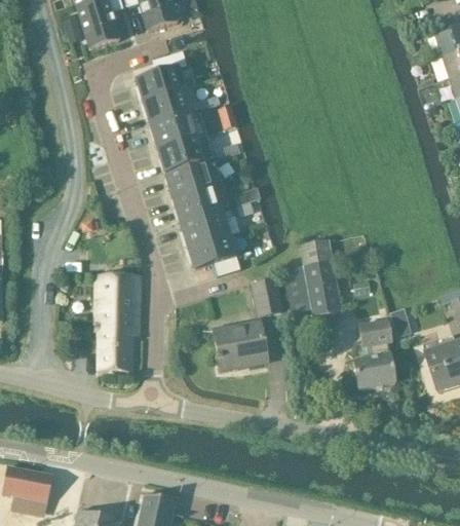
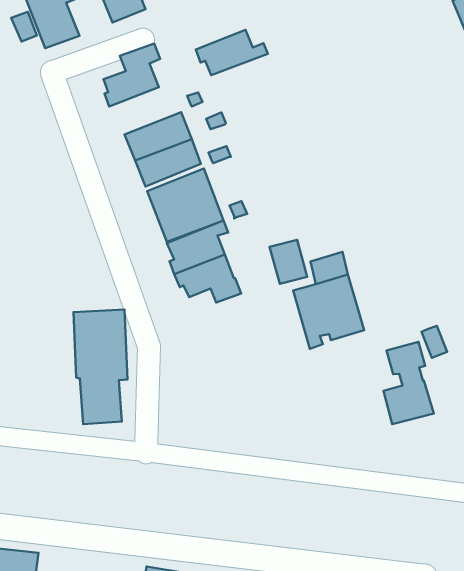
building: [140,89,200,125] -> [196,30,268,75]
building: [252,280,281,316] -> [270,240,307,284]
building: [214,323,266,369] -> none

